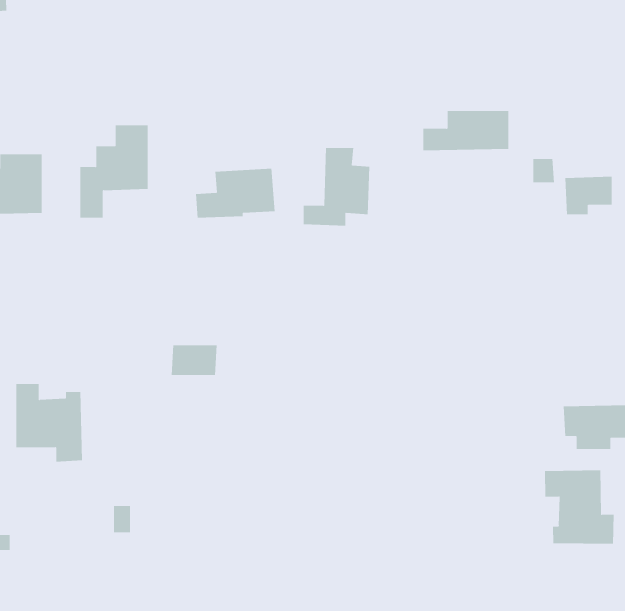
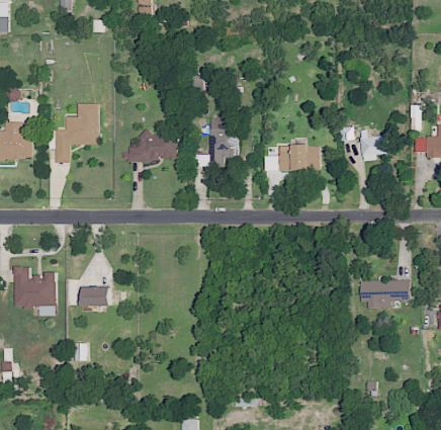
building: [423,111,509,151] -> [264,145,319,170]
building: [171,345,217,375] -> [82,286,111,306]
building: [544,469,614,544] -> none

